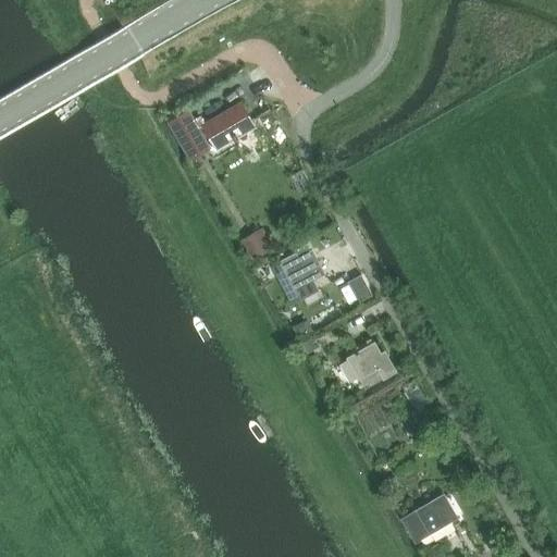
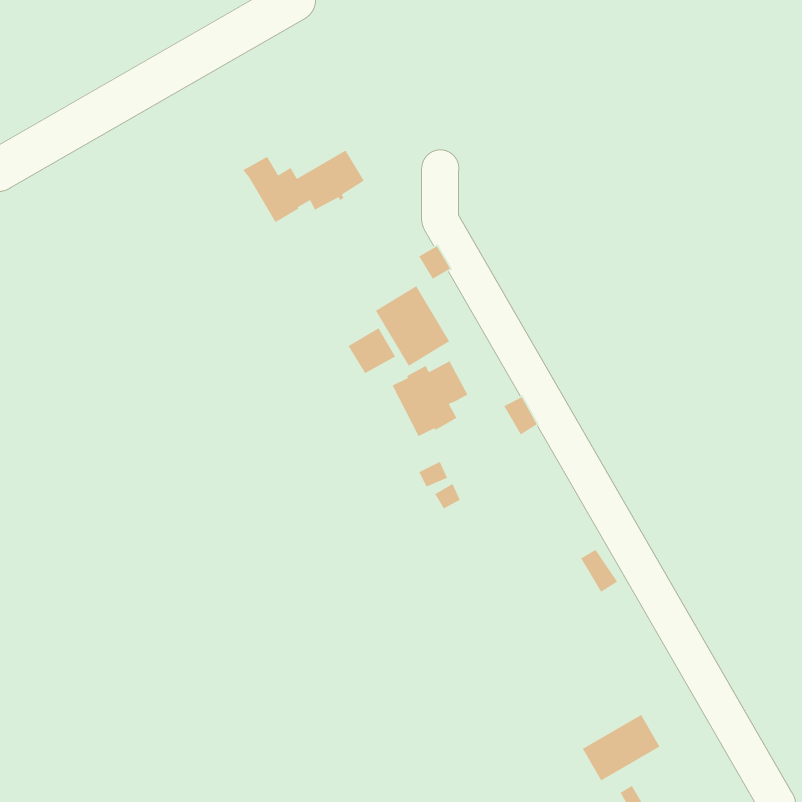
building: none -> [375,285,450,367]
building: [339,344,396,389] -> none

